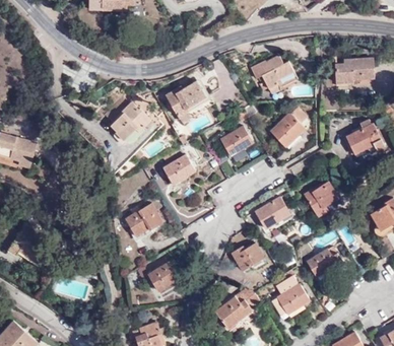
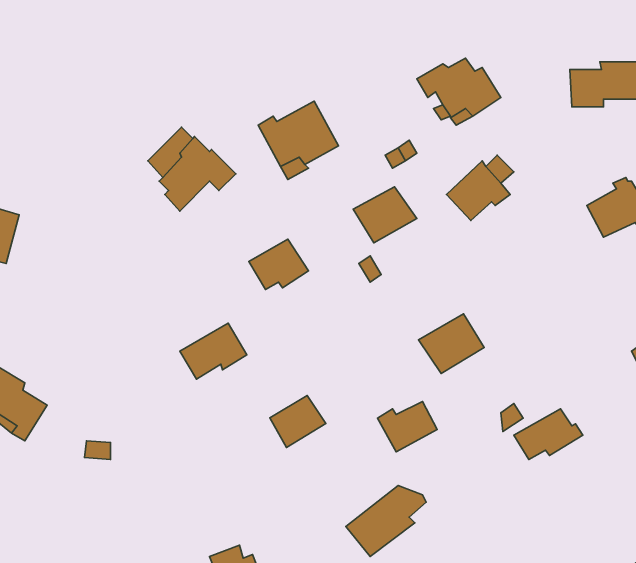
building: [303,182,339,216] -> none
building: [149,263,180,291] -> [270,395,326,448]
building: [276,278,310,316] -> none

